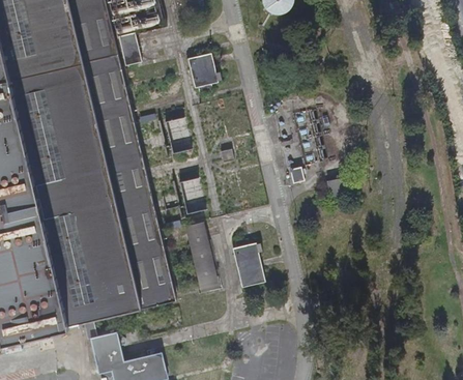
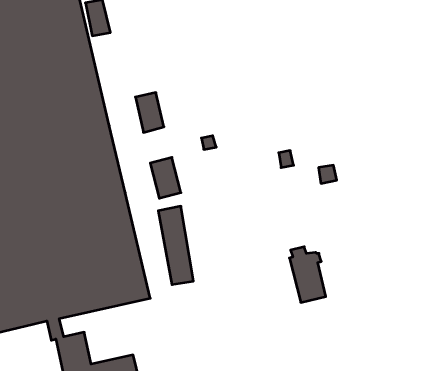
building: [187,50,214,86] -> none
building: [232,238,265,289] -> [289,247,326,302]

